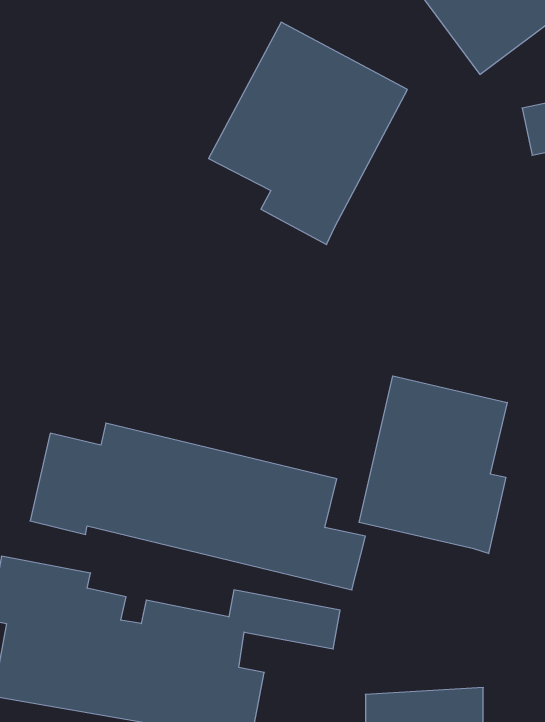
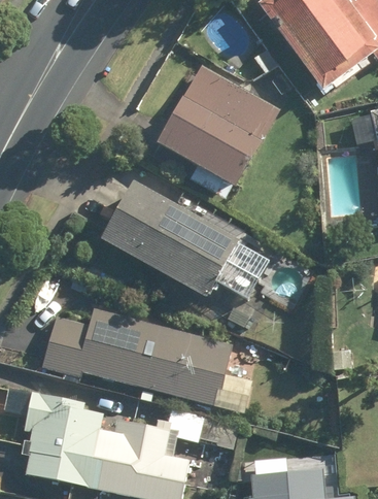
building: none -> [100,184,268,300]
building: [359,376,507,554] -> none

